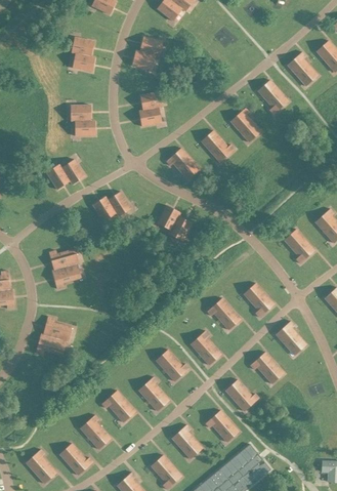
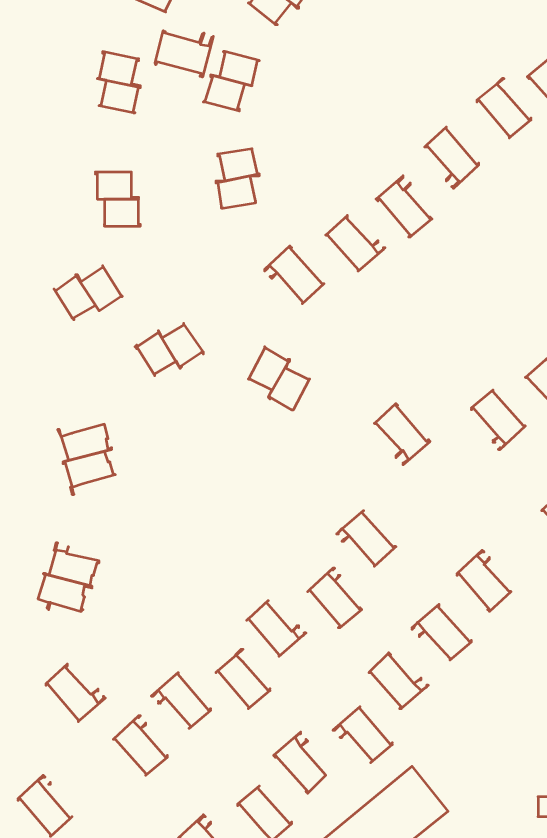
building: none -> [155,31,213,77]
building: [243,283,275,318] -> [374,404,430,465]
building: [59,443,93,476] -> [46,664,105,722]

